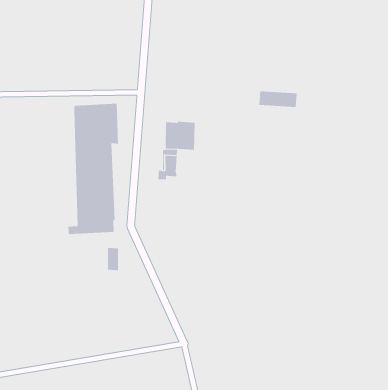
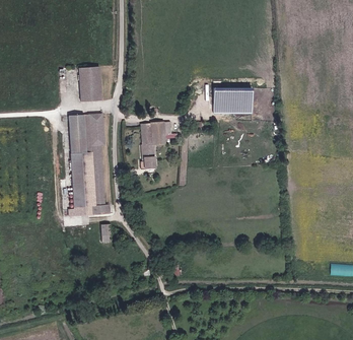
building: none -> [80,65,103,100]

